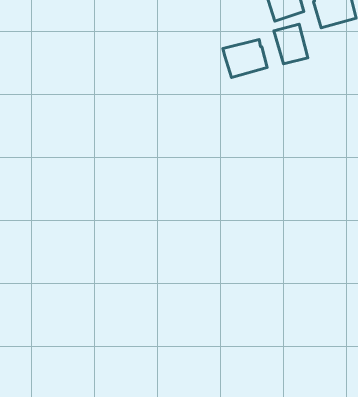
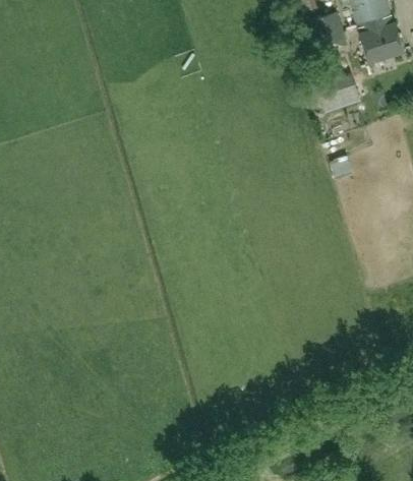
building: [223,39,267,77] -> none

